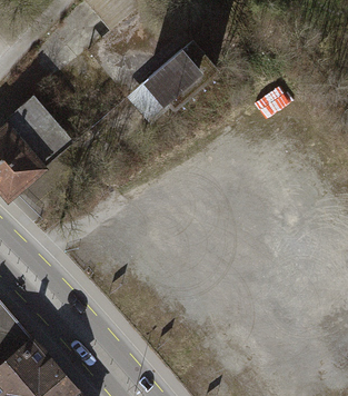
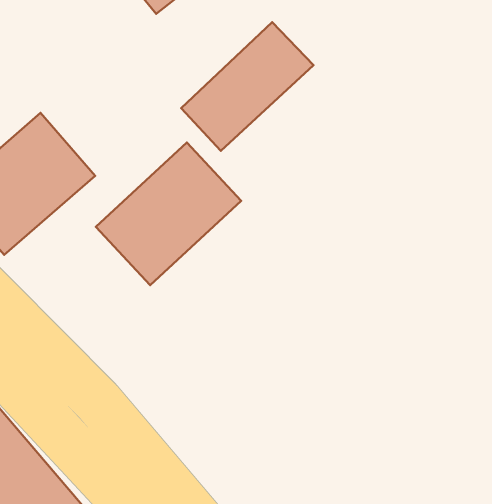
building: none -> [96,142,241,285]

